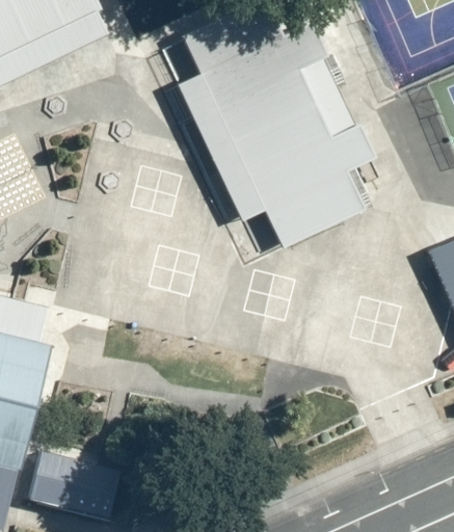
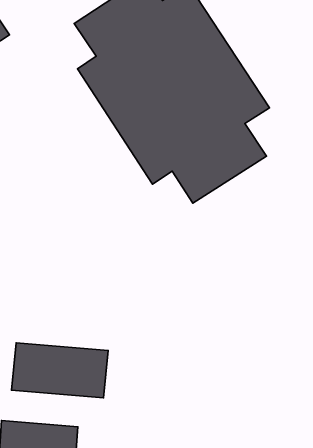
building: none -> [12,343,108,398]

